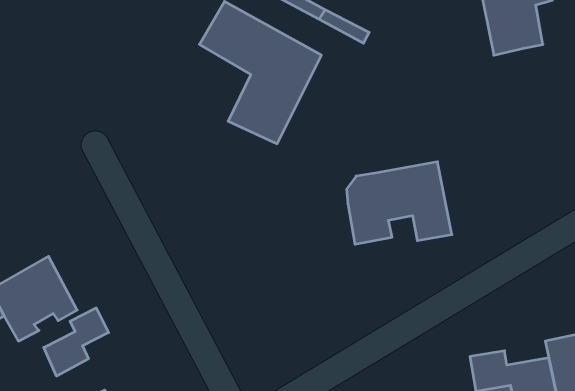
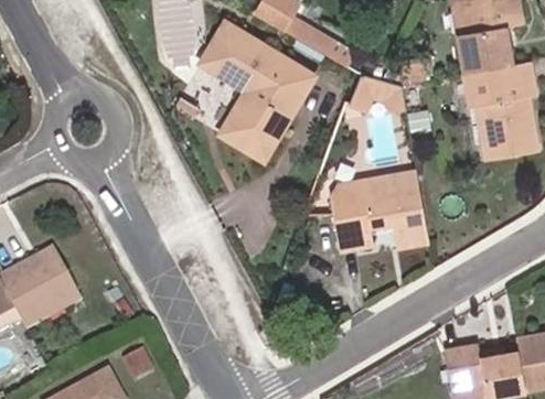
building: none -> [477,58,536,154]
building: none -> [343,71,403,111]
building: [44,308,109,376] -> none

